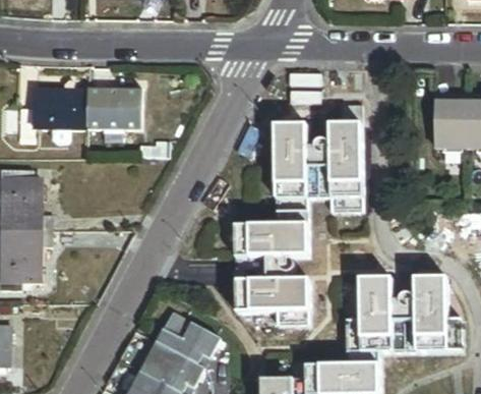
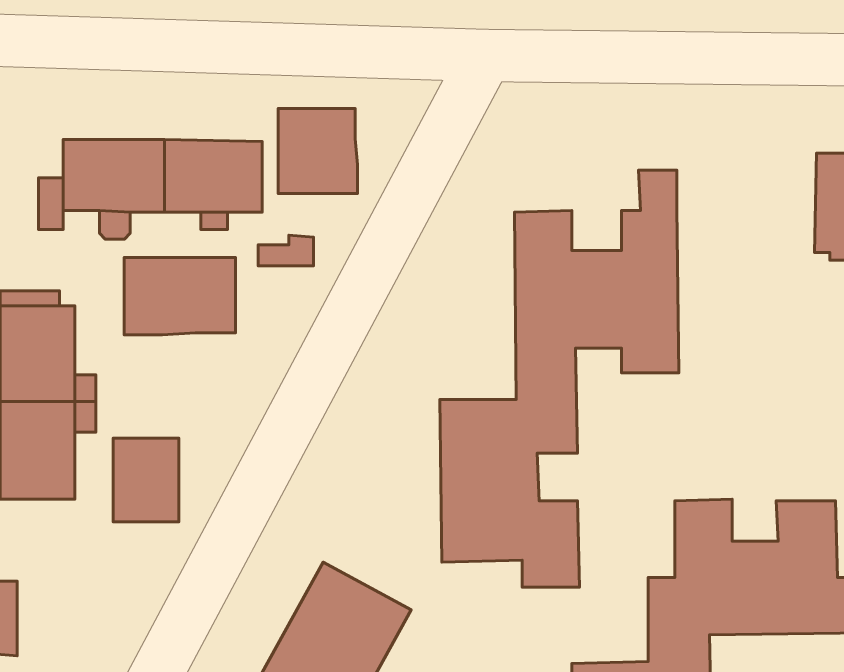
building: none -> [278,108,357,194]
building: none -> [124,257,236,335]
building: none -> [113,438,179,522]

